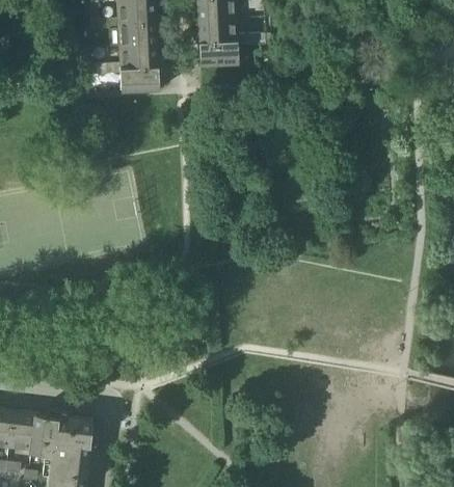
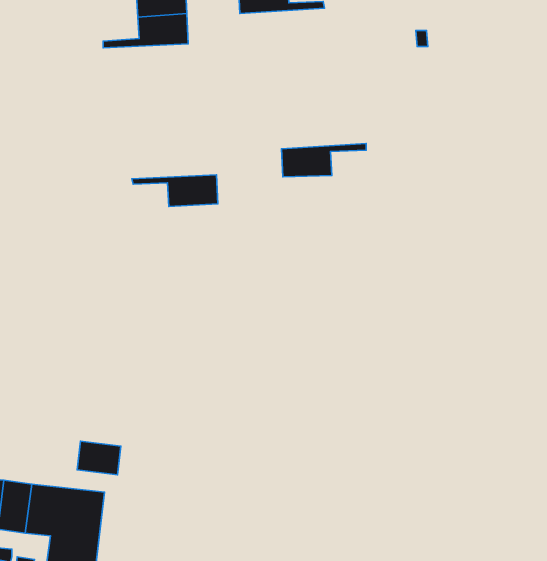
building: [198,39,265,65] -> [282,144,366,177]
building: [91,67,159,92] -> [132,175,218,207]
building: none -> [77,441,121,475]

